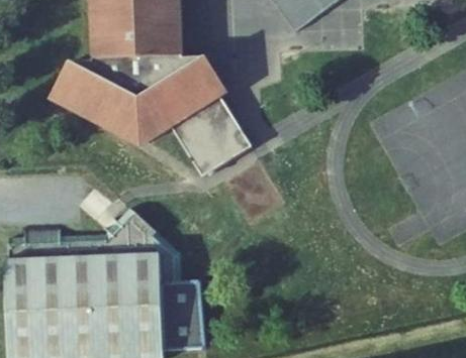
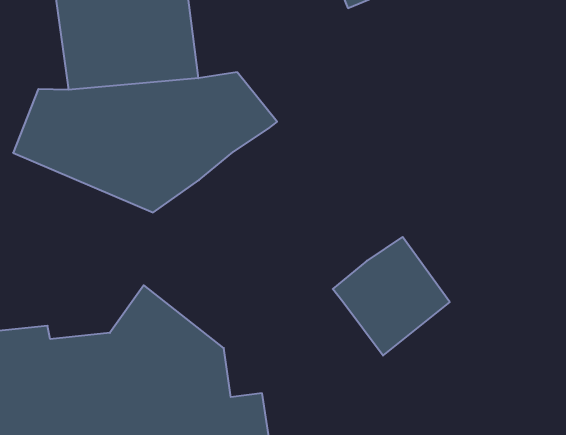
building: [174,101,252,180] -> [333,237,450,356]

